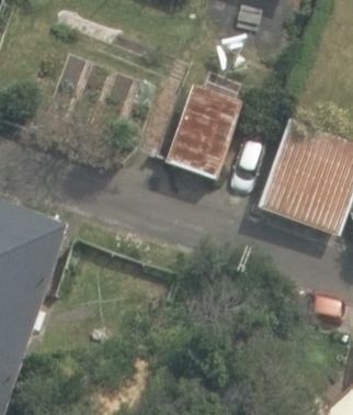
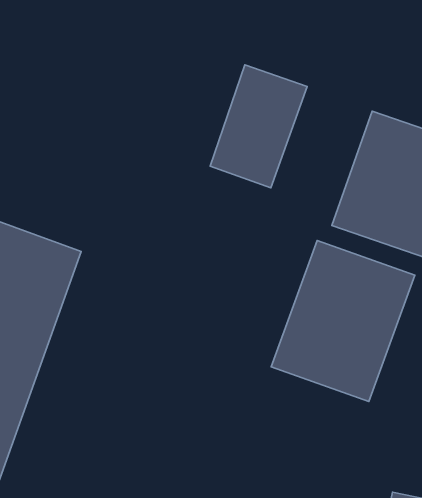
building: none -> [271,241,415,402]

